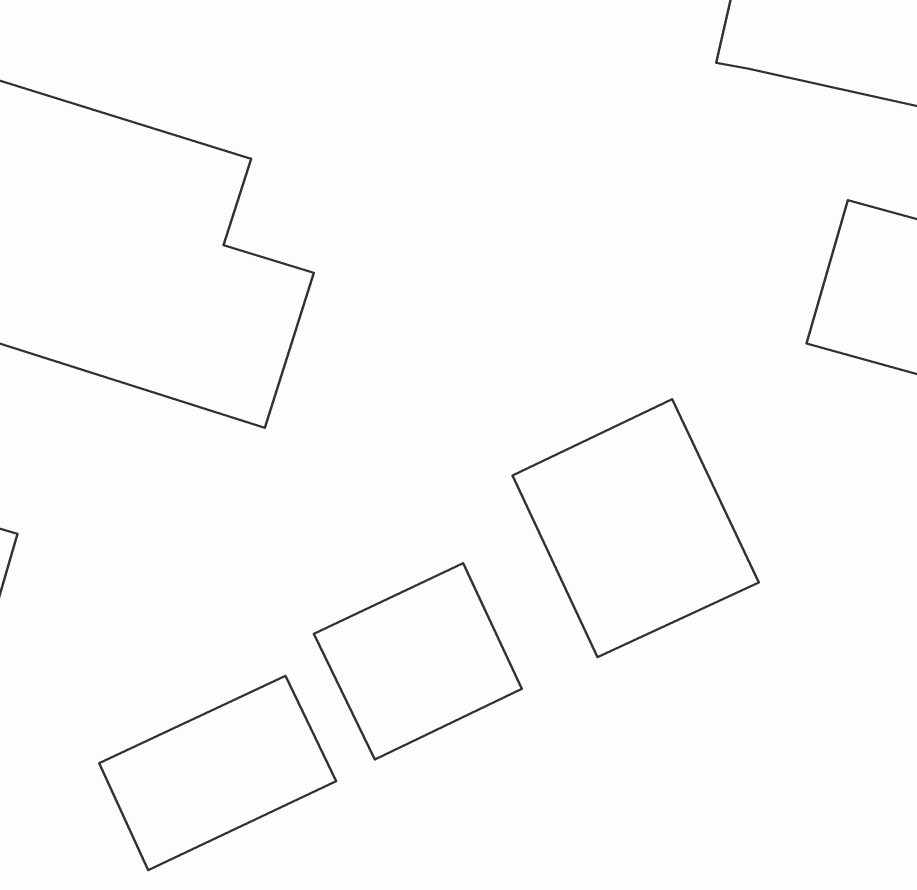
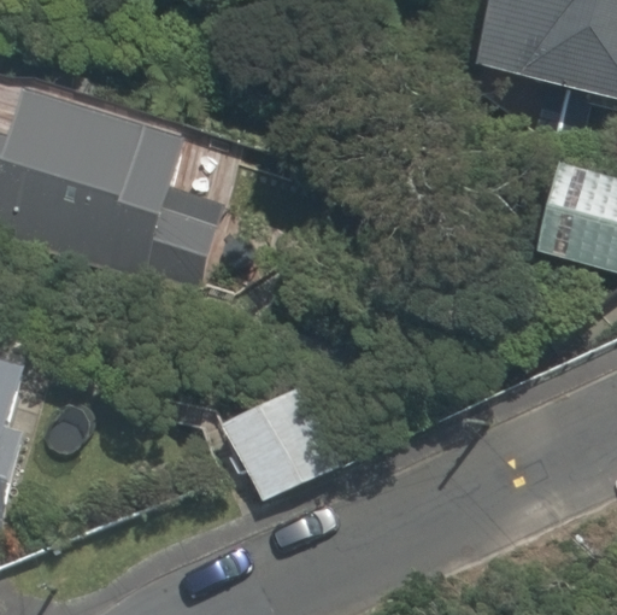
building: [513,399,759,657] -> none
building: [99,676,336,870] -> none

